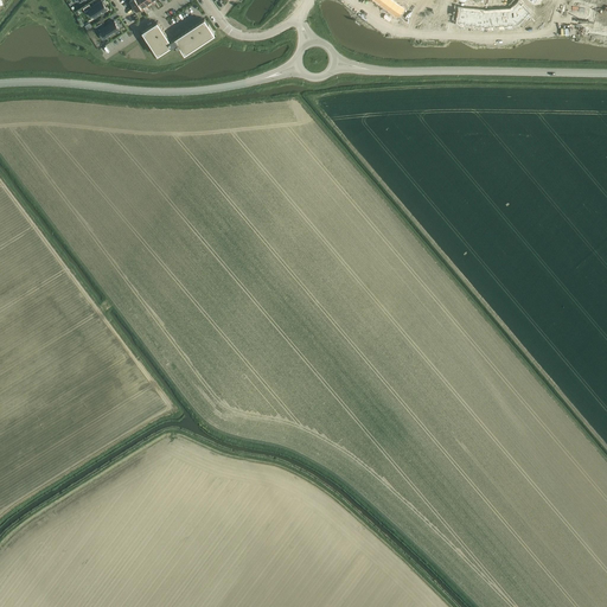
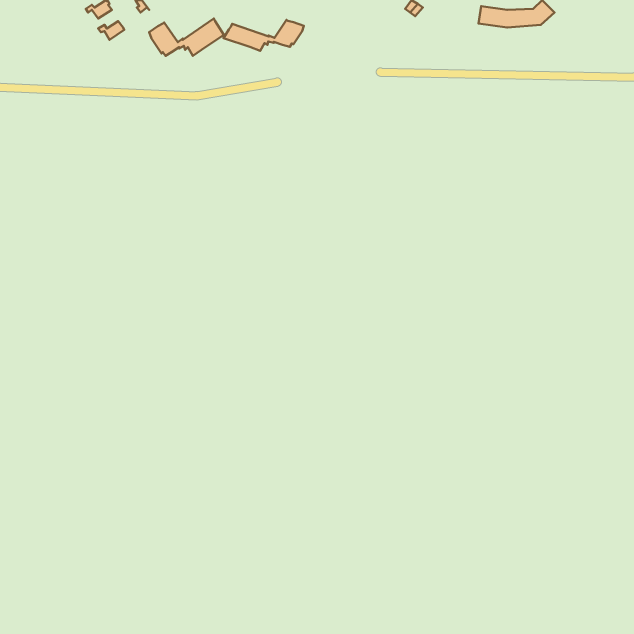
building: none -> [224,20,304,51]

